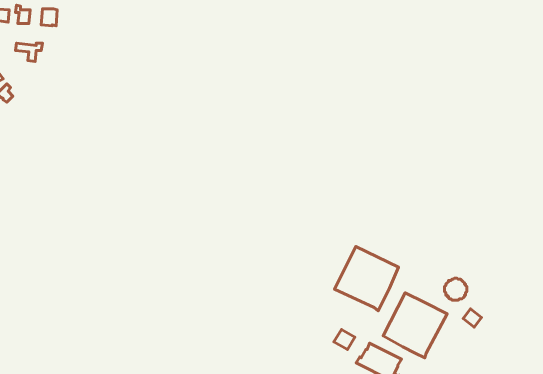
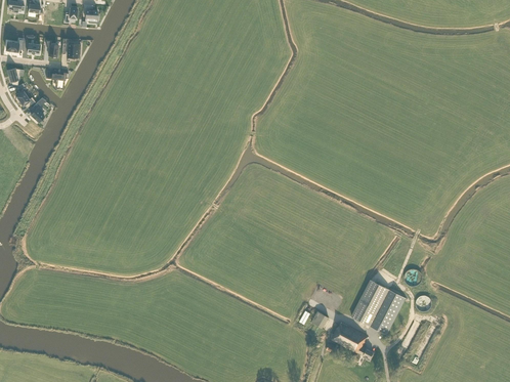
building: [335,247,399,311] -> none

